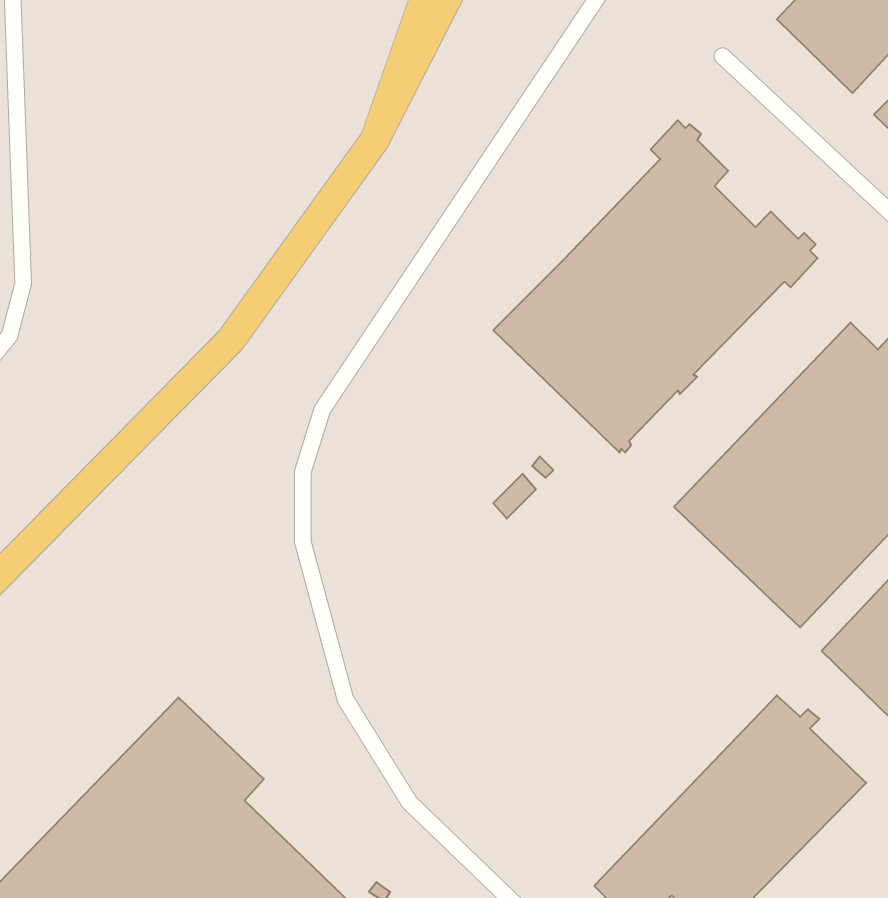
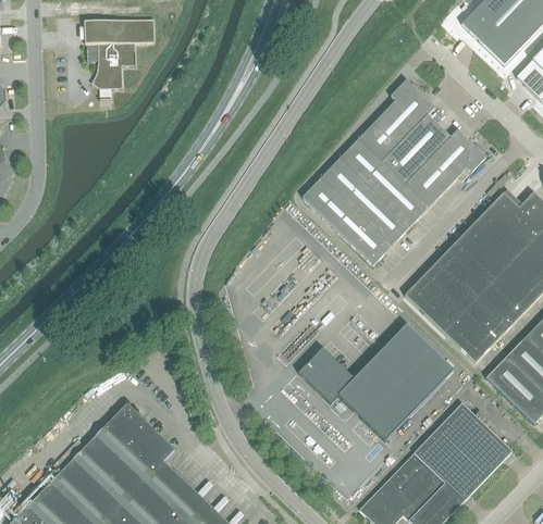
building: none -> [85,18,155,100]
building: none -> [298,324,453,440]

